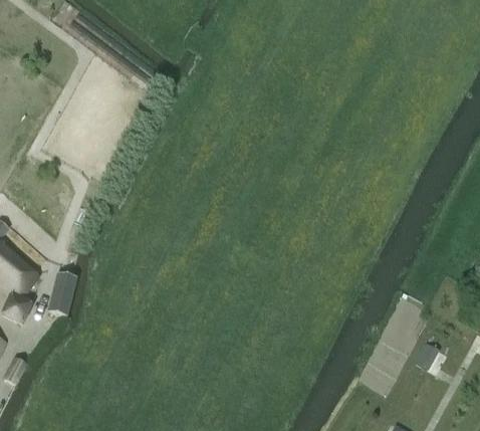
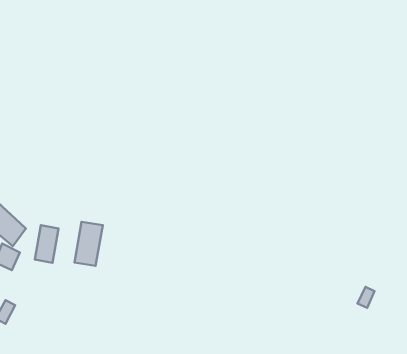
building: none -> [74,222,103,266]

